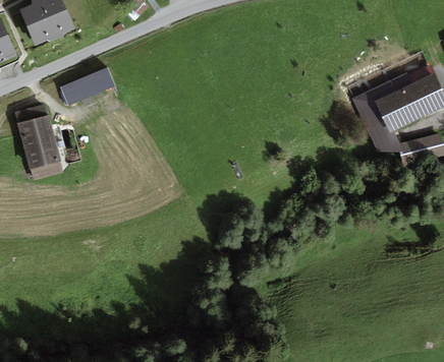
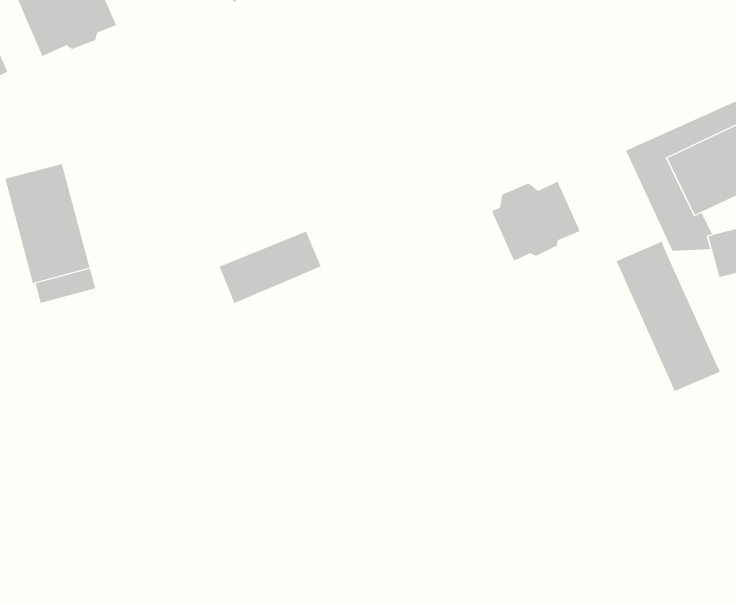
building: [60,67,116,107] -> [219,231,322,304]
building: none -> [491,181,581,261]
building: none -> [616,241,721,392]

